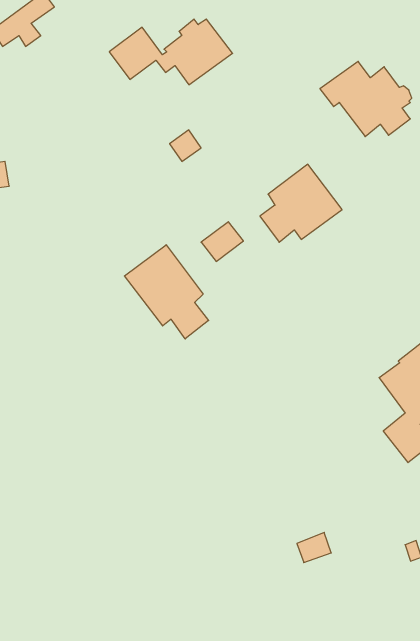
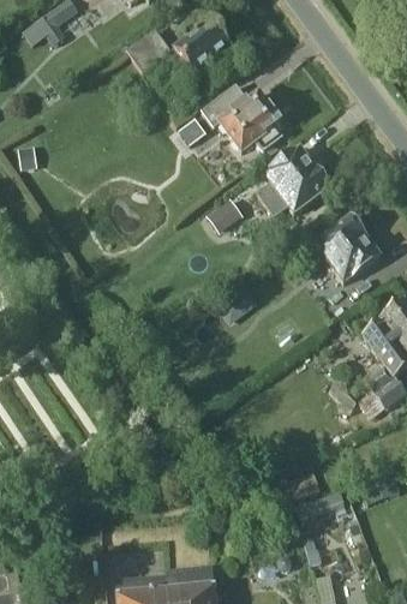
building: [320,61,412,137] -> [203,88,283,154]
building: none -> [316,217,381,283]
building: [124,245,209,339] -> none

